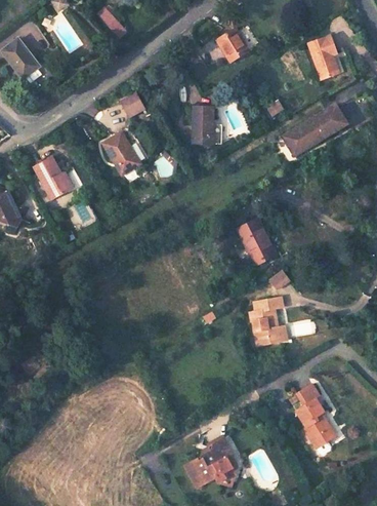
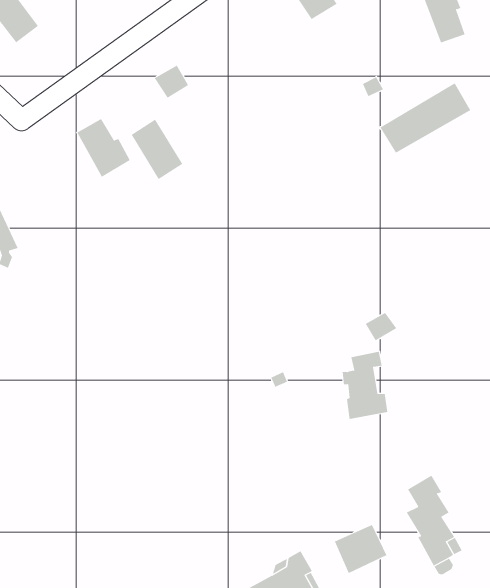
building: [193,108,221,144] -> none
building: [34,158,72,200] -> [77,118,130,178]
building: [238,220,275,265] -> none
building: none -> [334,524,387,574]

